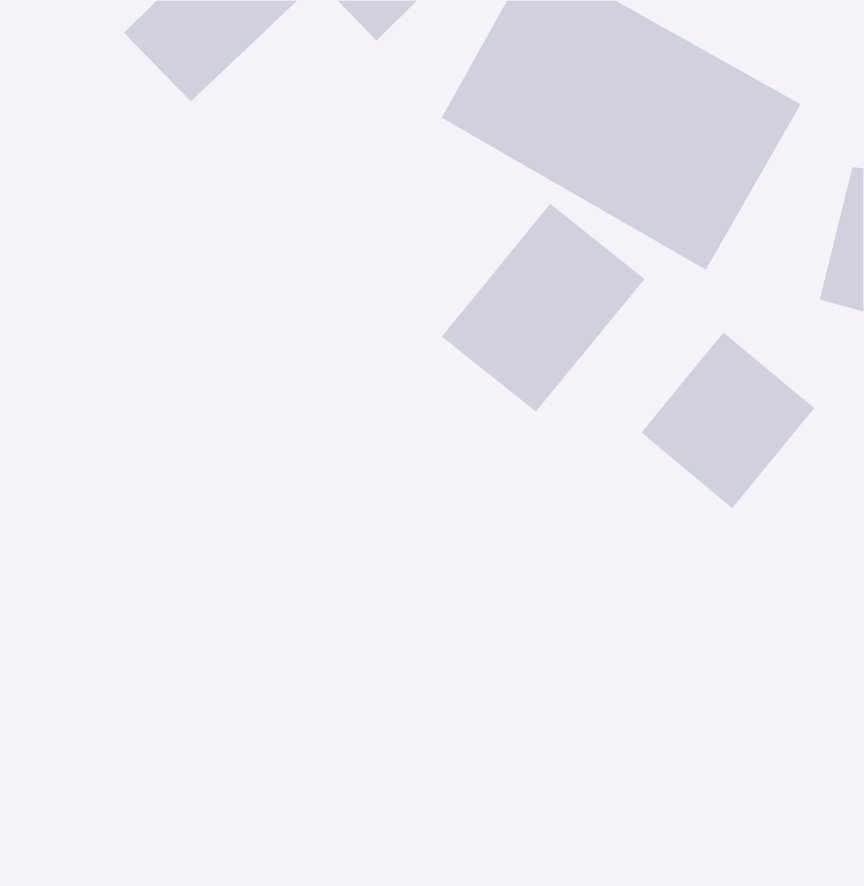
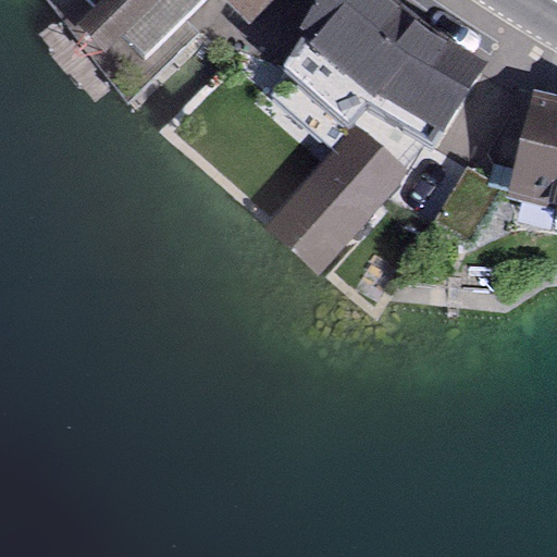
building: [640,332,815,509] -> none

